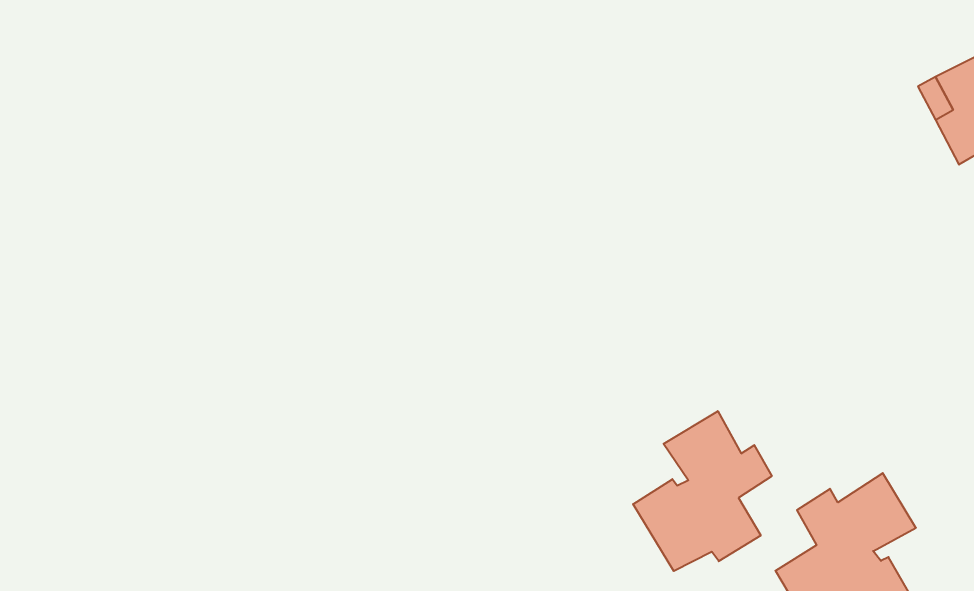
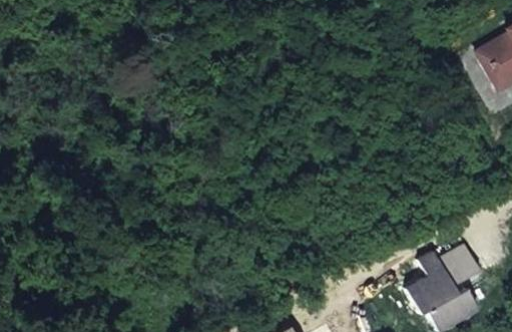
building: [633,411,772,571] -> none

